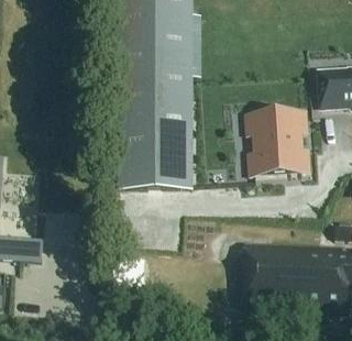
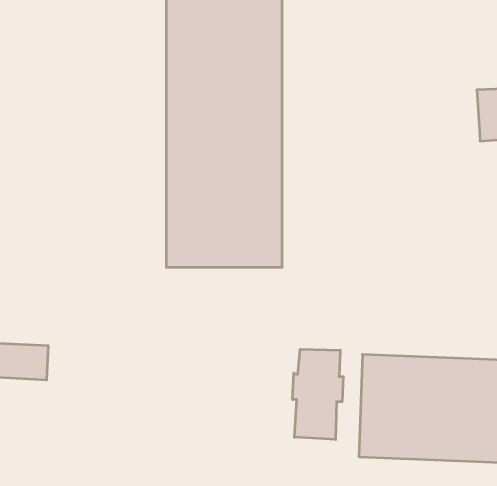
building: [250,117,319,184] -> none
building: none -> [293,349,343,440]

